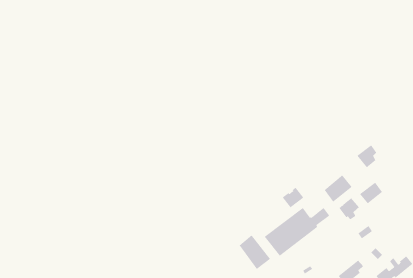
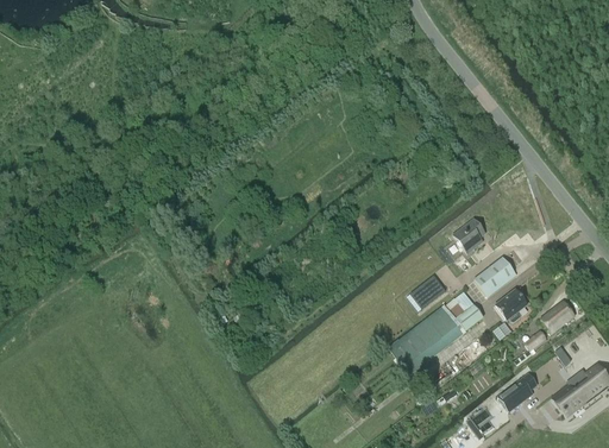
building: [357,144,377,168] -> [454,216,484,251]
building: [359,182,383,204] -> [541,298,576,330]
building: [239,234,271,270] -> none

